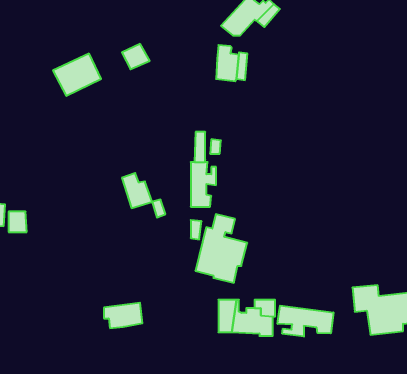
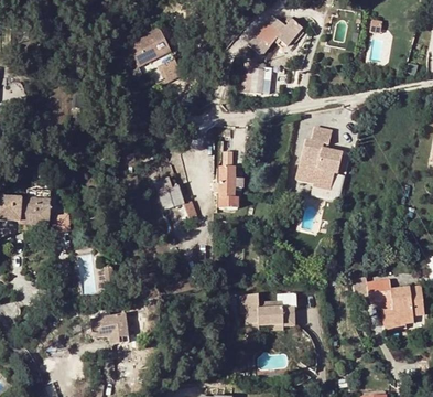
building: [53,54,101,96] -> [126,29,170,67]
building: [195,214,247,283] -> [295,127,343,190]
building: [104,303,142,328] -> [91,314,127,337]
building: [278,306,333,337] -> none

